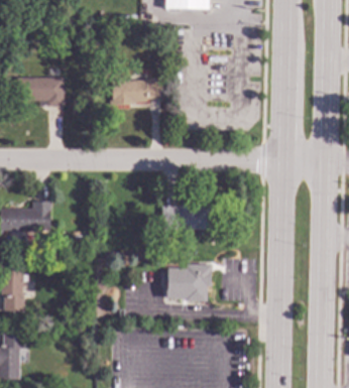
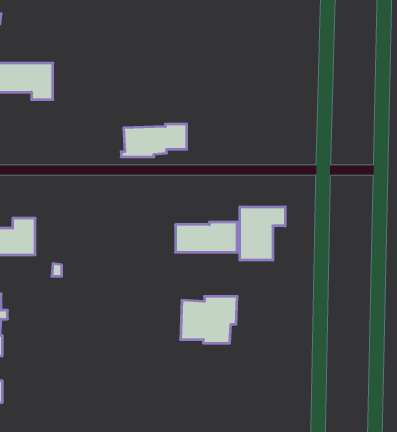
building: [110,78,162,104] -> [121,124,187,157]
building: none -> [240,207,285,260]

